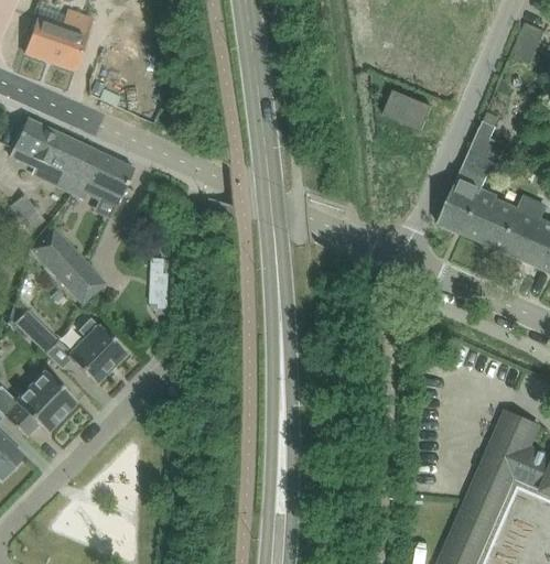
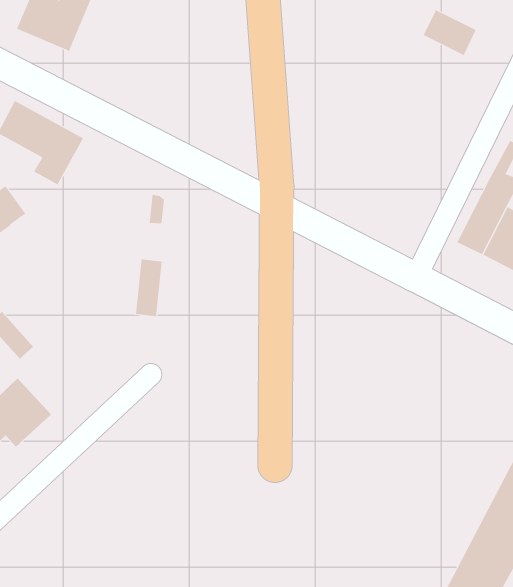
building: [384,90,432,131] -> [423,9,477,56]
building: [72,149,134,203] -> none
building: [32,229,105,304] -> none
building: [68,318,127,384] -> none

